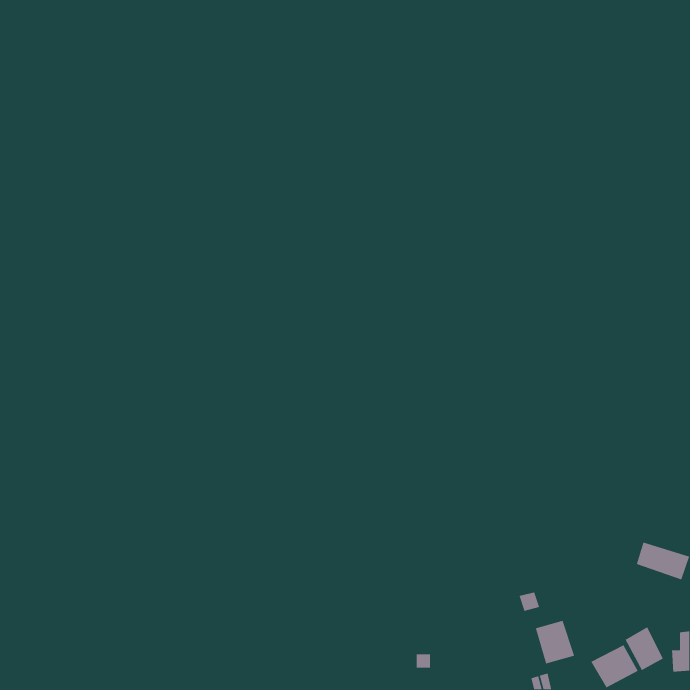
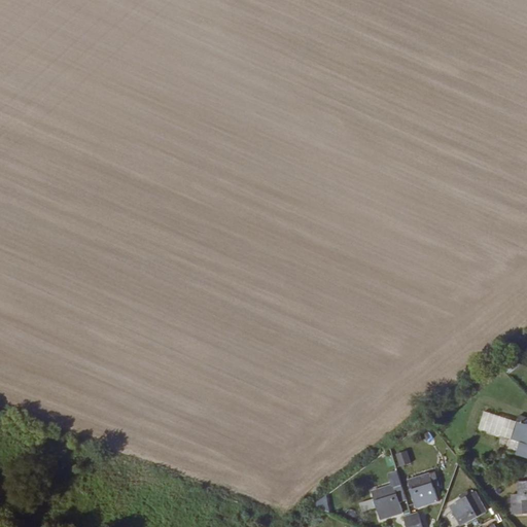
building: [624,626,664,671] -> none
building: none -> [372,484,402,518]

